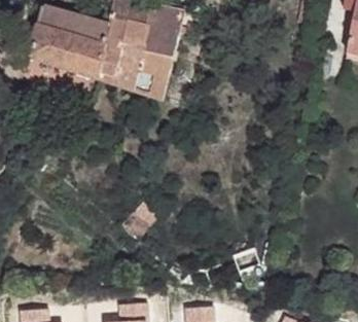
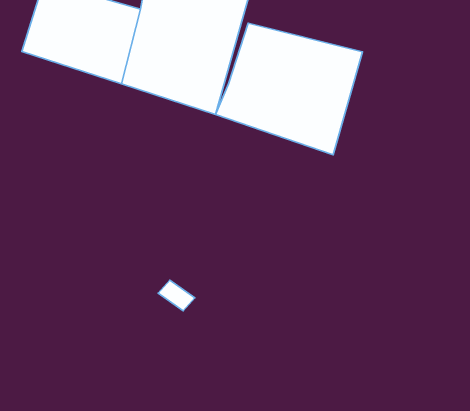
building: none -> [215,23,362,155]

